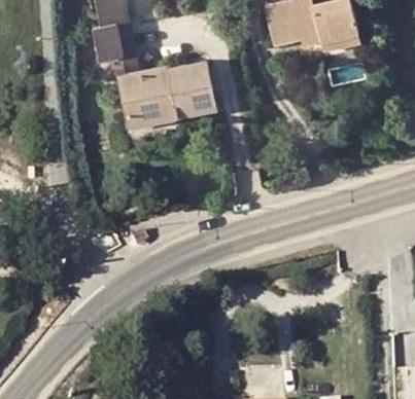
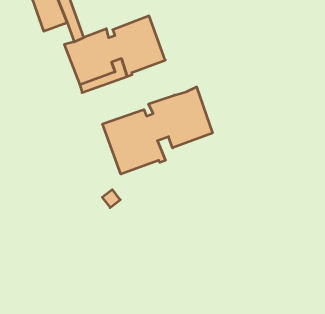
building: none -> [103,87,212,174]

